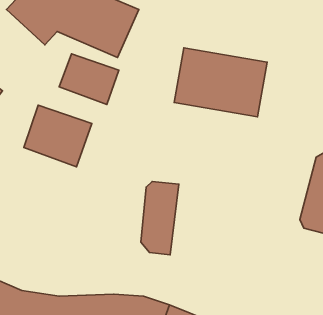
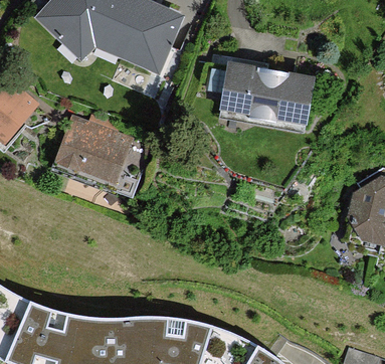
building: [59,54,119,104] -> none
building: [141,181,179,255] -> none

